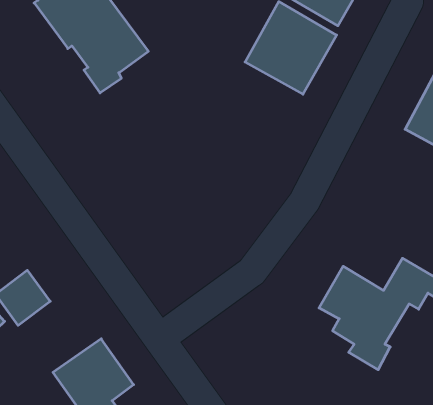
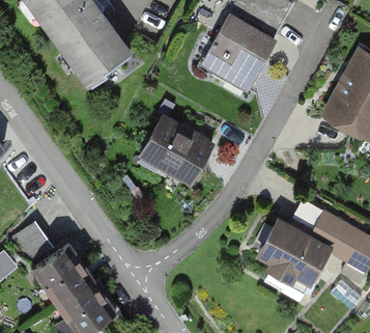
building: none -> [144,118,211,179]
building: none -> [32,243,92,302]

